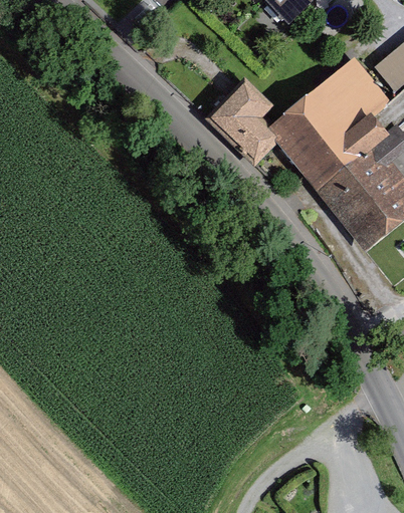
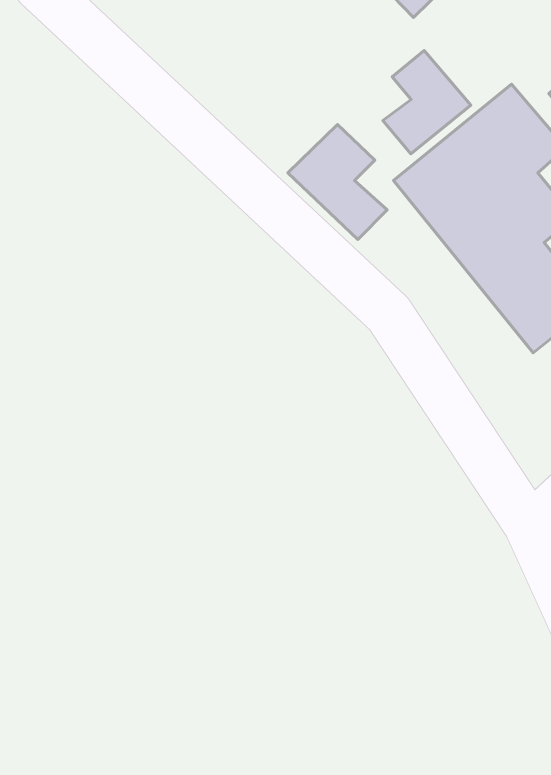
building: none -> [383,51,471,154]

